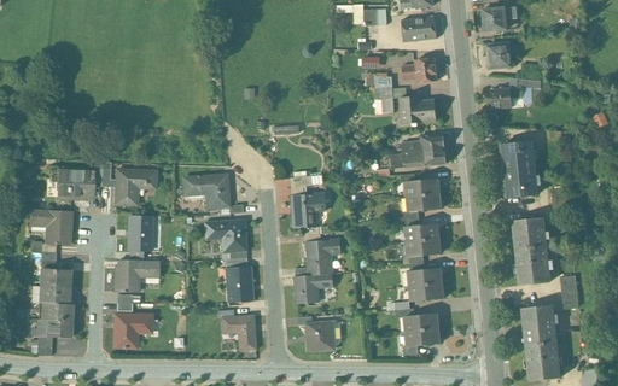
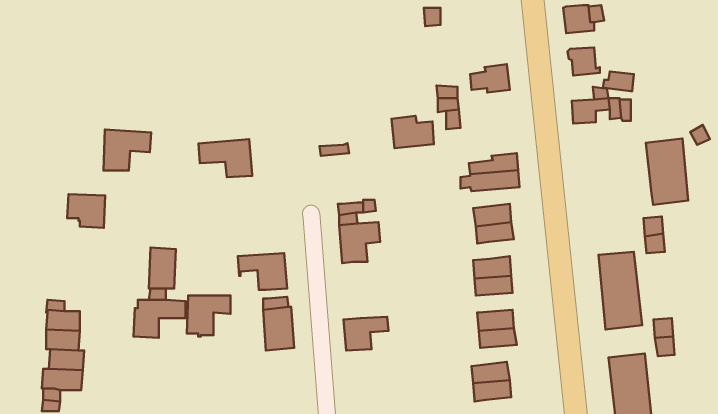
building: [402,16,437,42] -> none
building: [400,95,436,123] -> [392,116,434,148]
building: [501,141,537,198] -> [646,138,688,205]
building: [115,169,156,204] -> [103,130,151,171]
building: [182,174,228,206] -> [199,139,252,177]
building: [29,209,70,244] -> none
building: [307,239,340,275] -> none
building: [113,314,151,349] -> [187,296,230,336]
building: [221,315,255,350] -> none
building: [307,322,336,350] -> none

